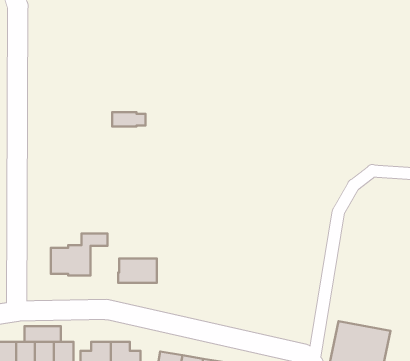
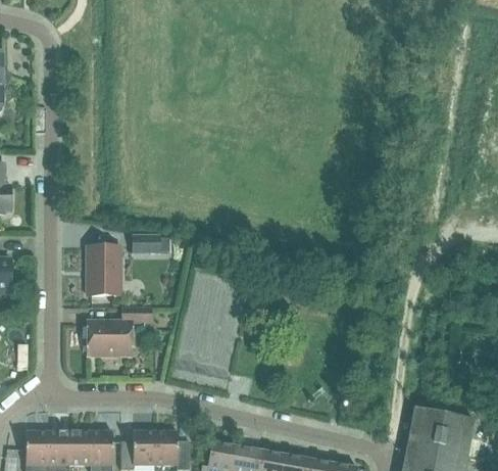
building: [112,112,145,126] -> [132,236,169,252]
building: none -> [87,247,120,295]
building: [118,259,157,283] -> none
building: [25,326,61,342] -> none

